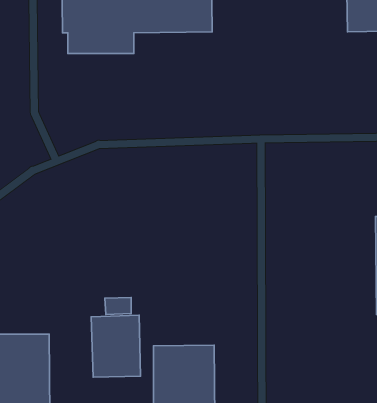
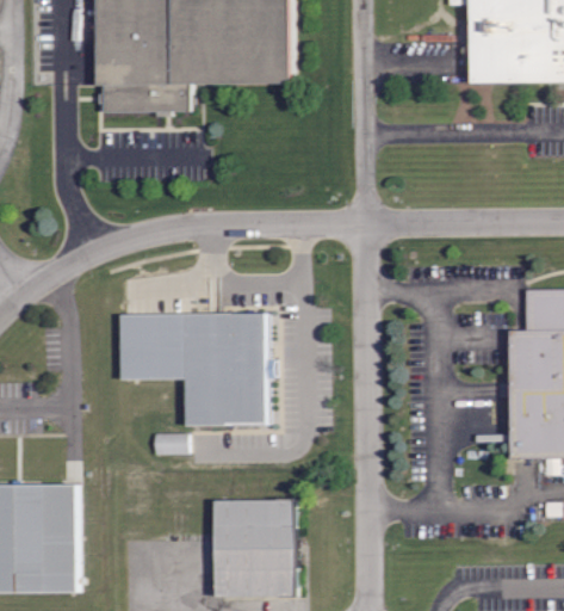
building: none -> [122,310,267,424]
building: [91,315,140,377] -> none

